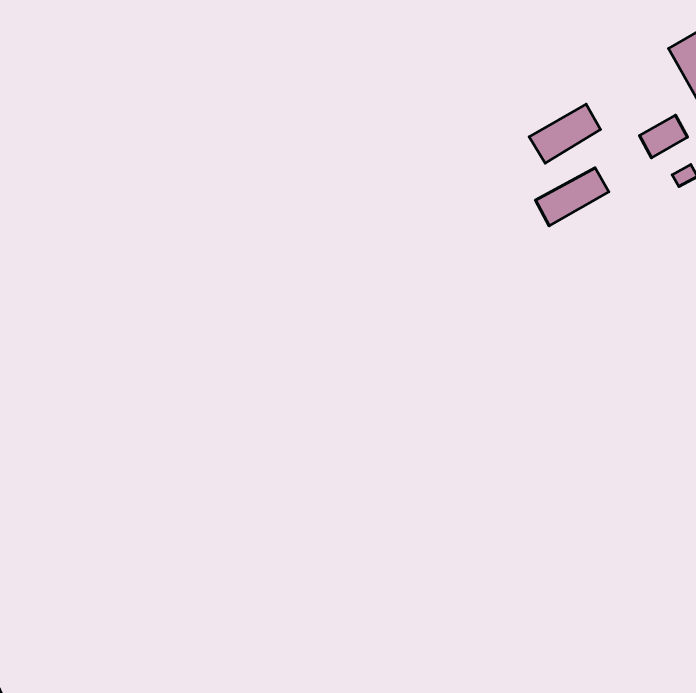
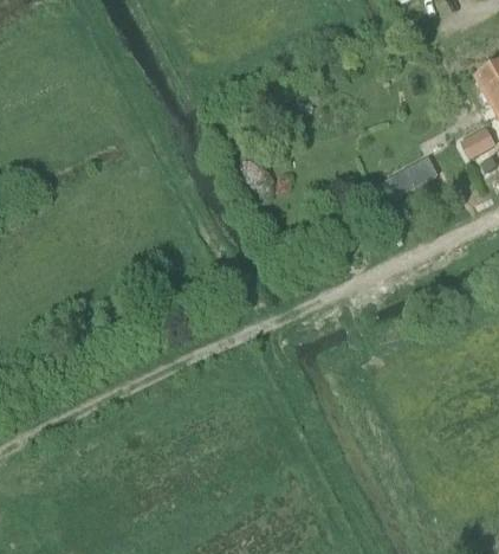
building: [529,104,601,163] -> none

